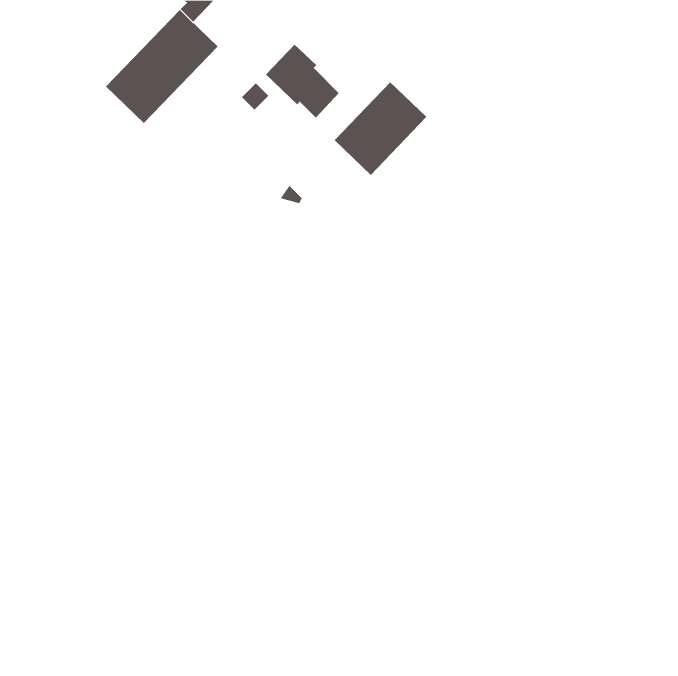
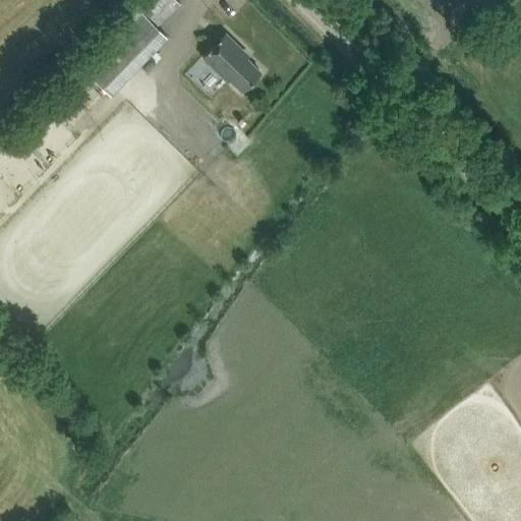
building: [334,81,427,176] -> none

